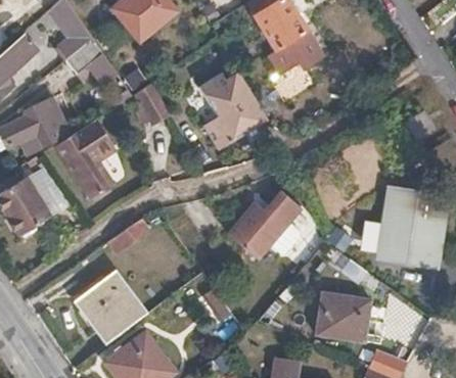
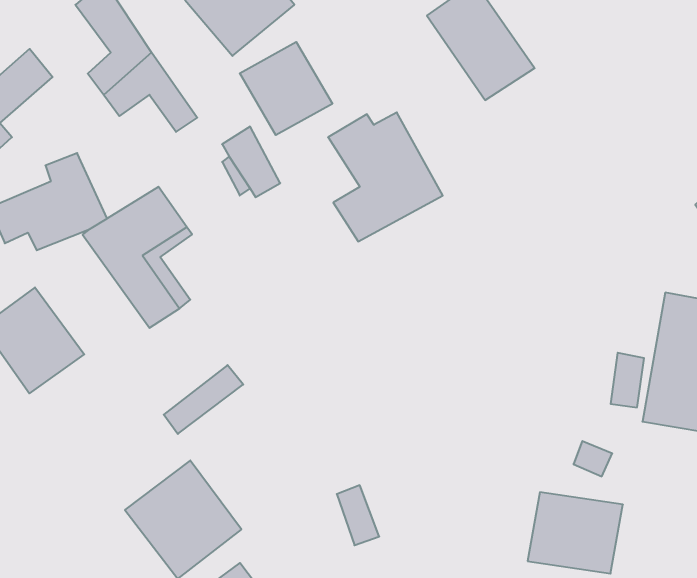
building: none -> [240,42,332,135]
building: [228,192,301,258] -> none

